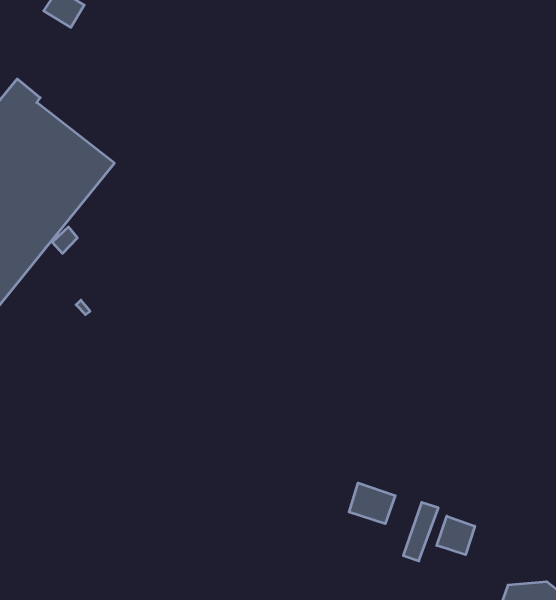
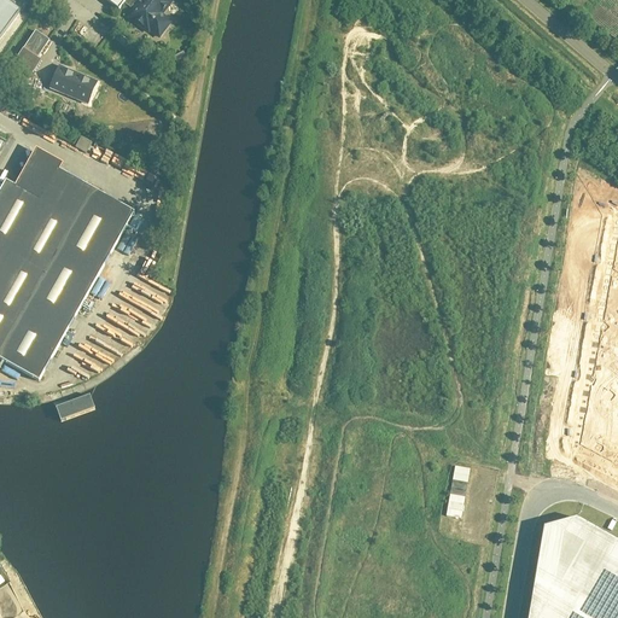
building: [349,483,395,524] -> none
building: [437,516,475,555] -> none

